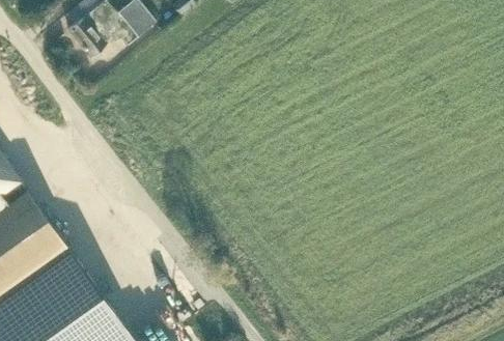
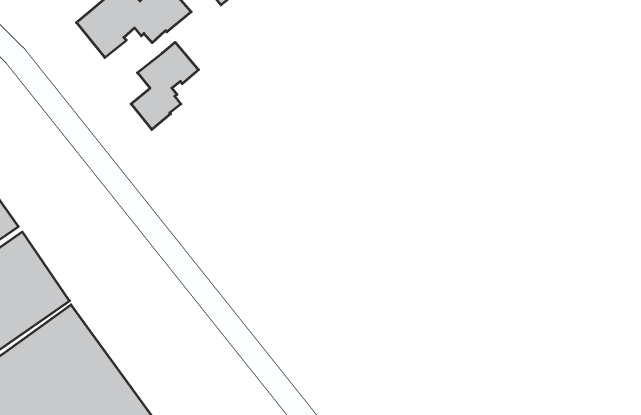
building: none -> [131,42,199,130]

